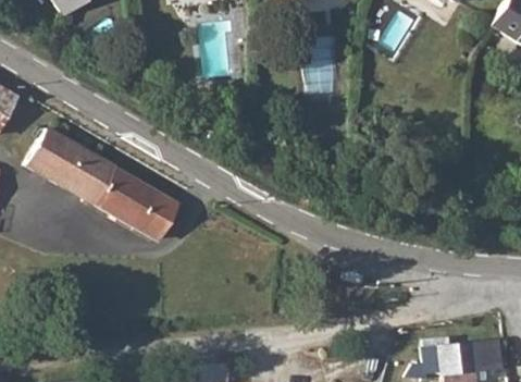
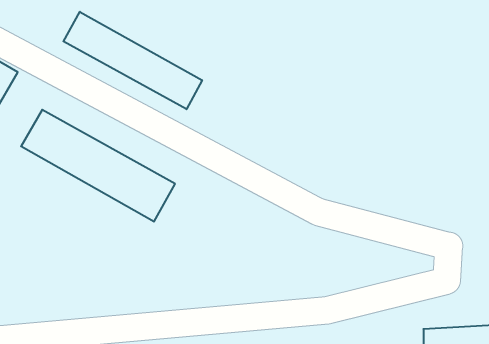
building: none -> [63,12,202,109]

